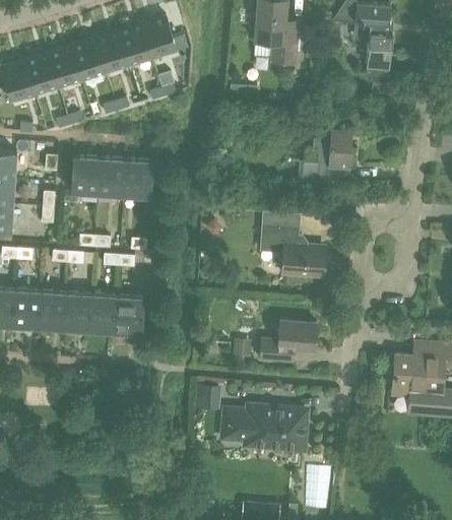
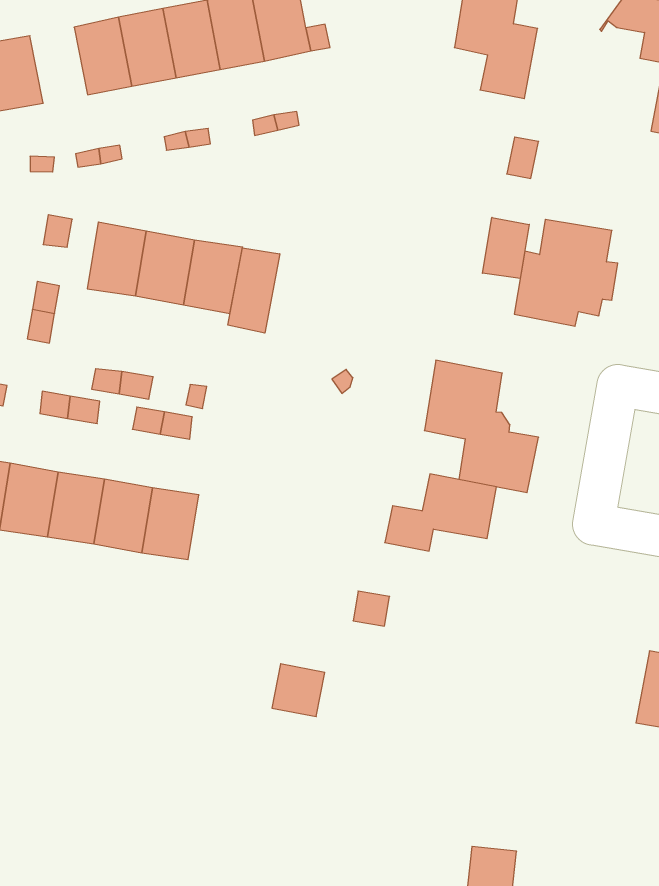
building: [25,52,60,94] -> none
building: none -> [482,217,529,279]
building: none -> [228,248,280,333]
building: [260,319,317,361] -> [385,474,496,551]
building: [222,405,306,448] -> none

